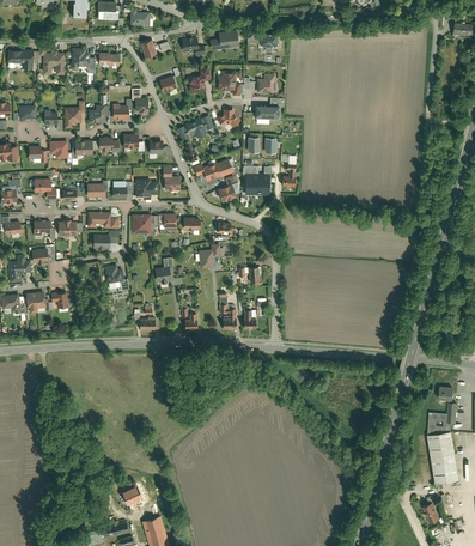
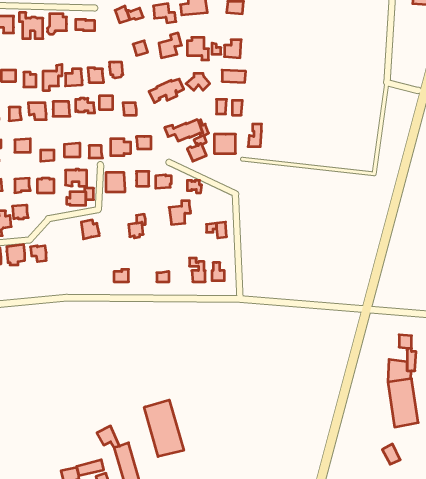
building: none -> [144,400,184,457]

